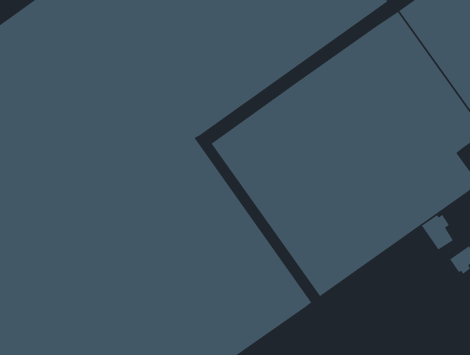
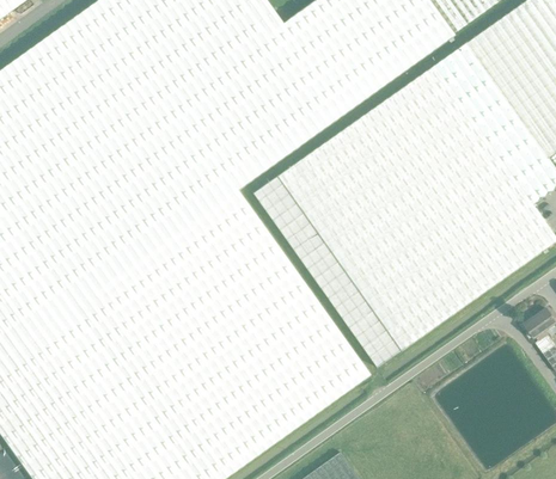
building: [421,214,454,251] -> none

